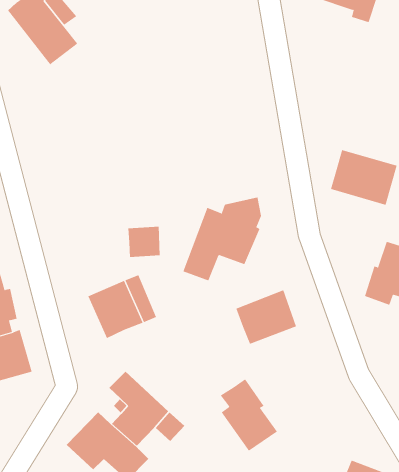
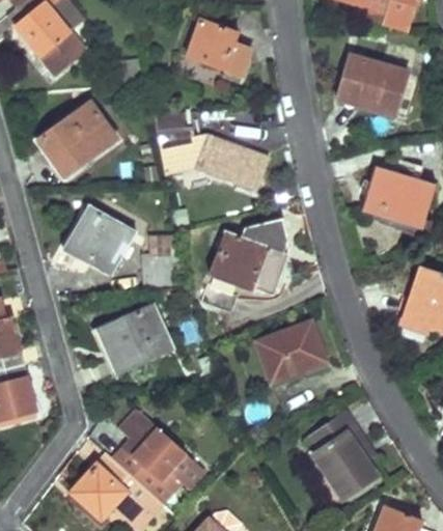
building: none -> [187,19,250,81]
building: none -> [338,58,406,116]
building: none -> [38,103,116,177]
building: none -> [153,112,268,190]
building: none -> [63,205,137,276]
building: [220,379,278,451] -> [311,416,375,496]

